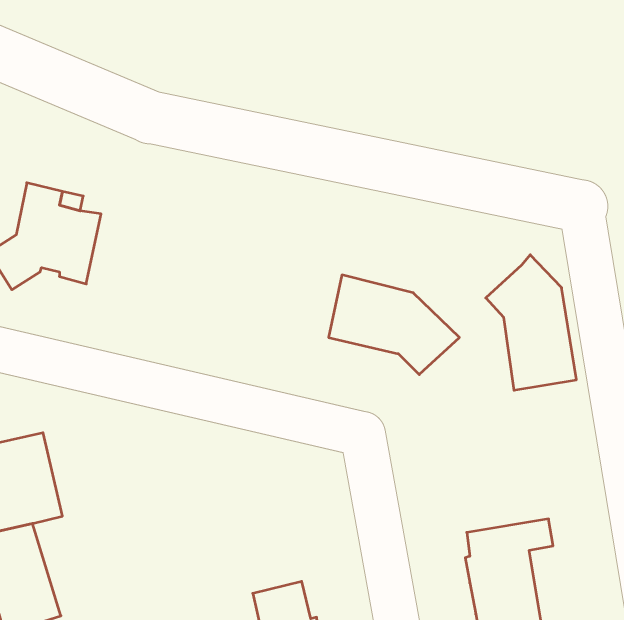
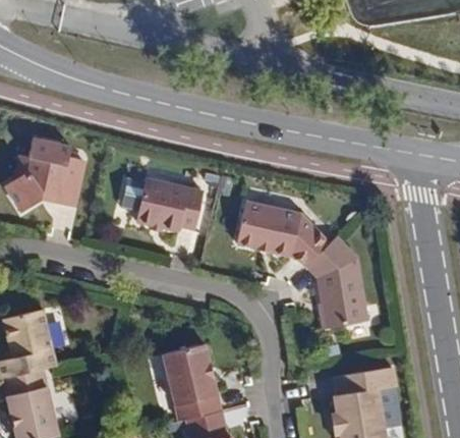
building: none -> [119,179,203,232]
building: [486,255,576,390] -> [304,236,366,329]
building: none -> [164,343,221,421]

